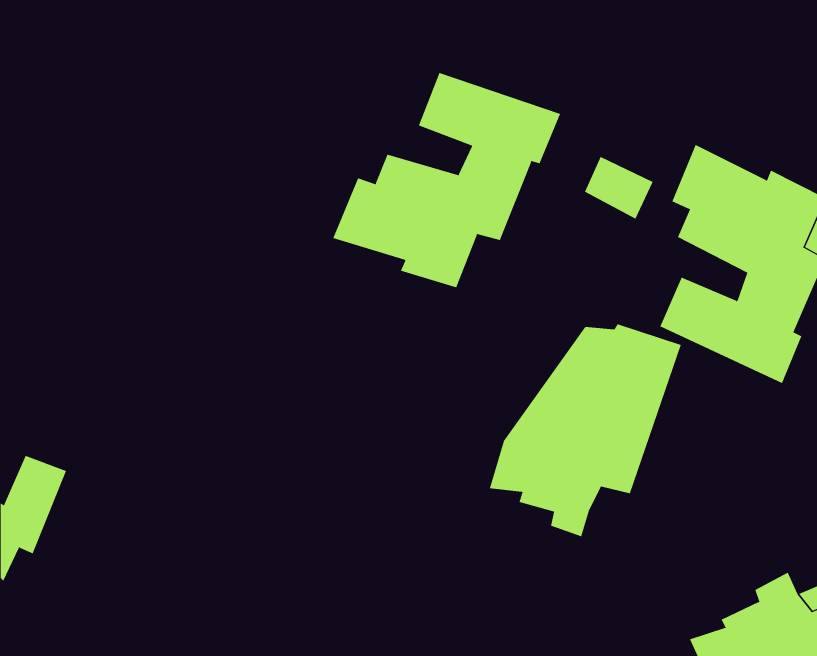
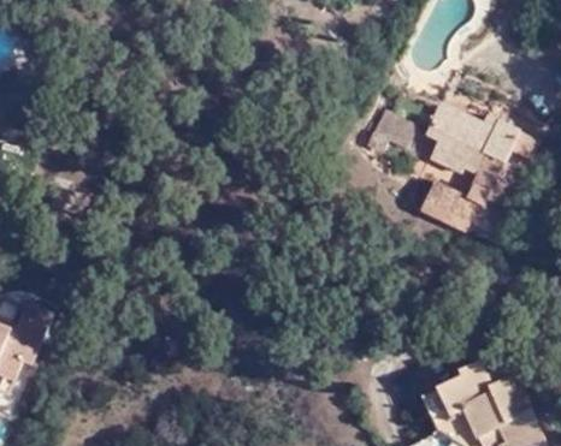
building: [333,72,561,288] -> none
building: [489,323,681,537] -> none

